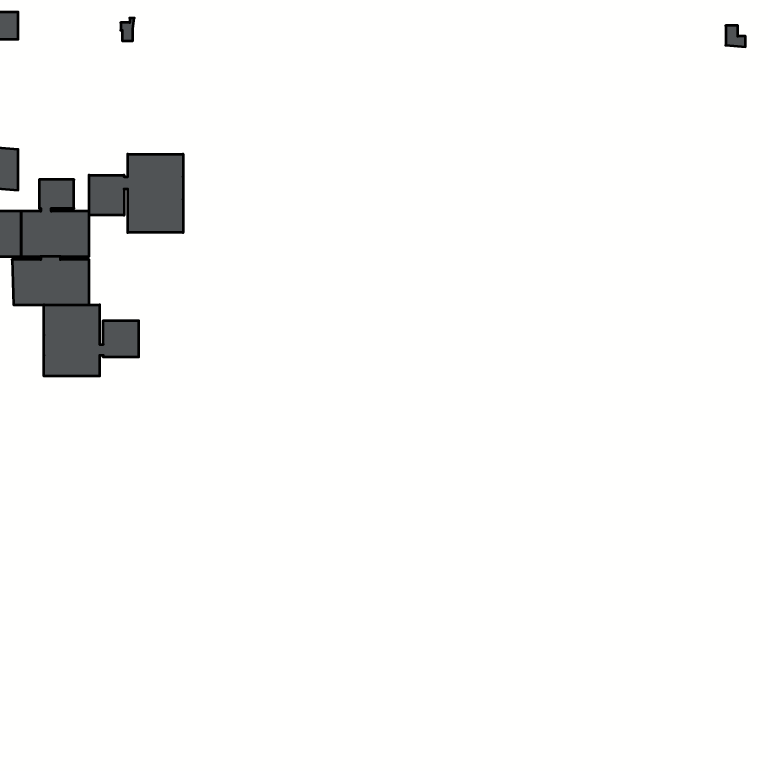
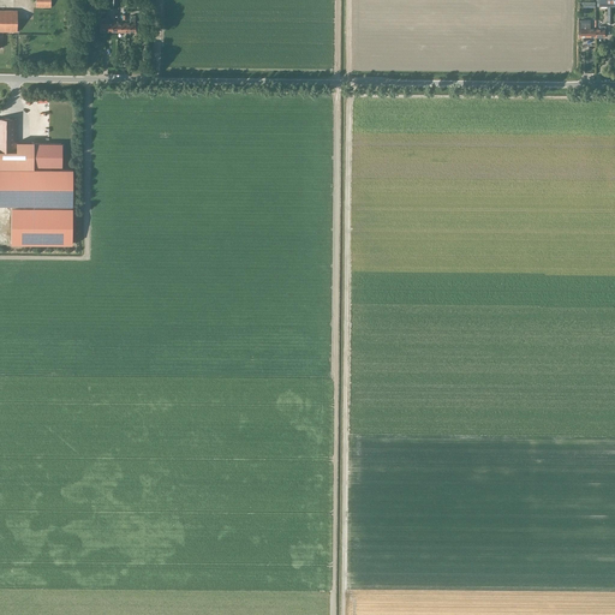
building: [89,154,183,233] -> none
building: [44,305,139,376] -> none

